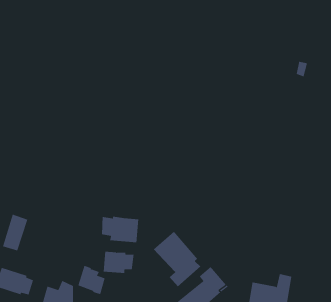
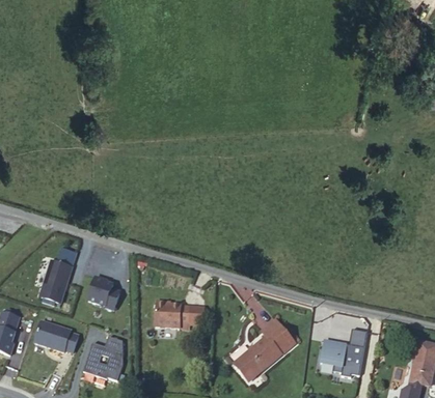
building: [101,216,139,243] -> none
building: [153,231,201,287] -> none
building: [77,265,105,295] -> [87,277,118,310]

